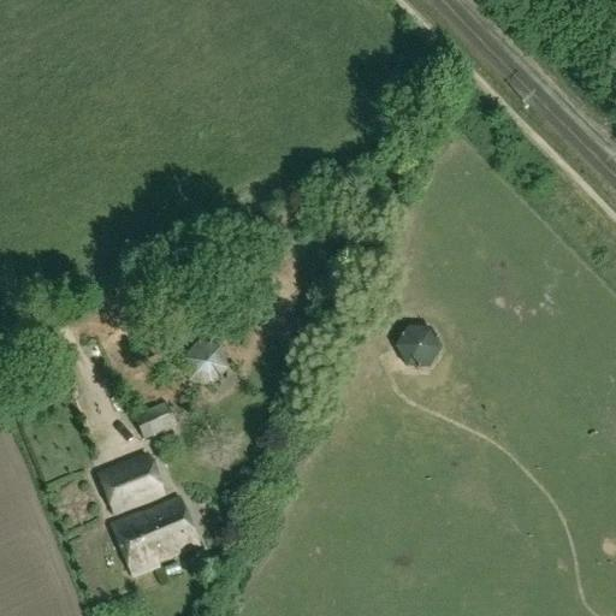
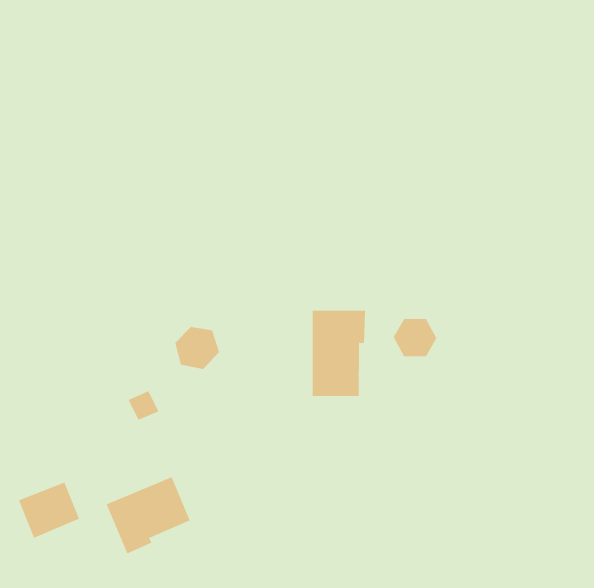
building: none -> [312,310,365,397]
building: [97,451,161,510] -> [18,482,80,539]

